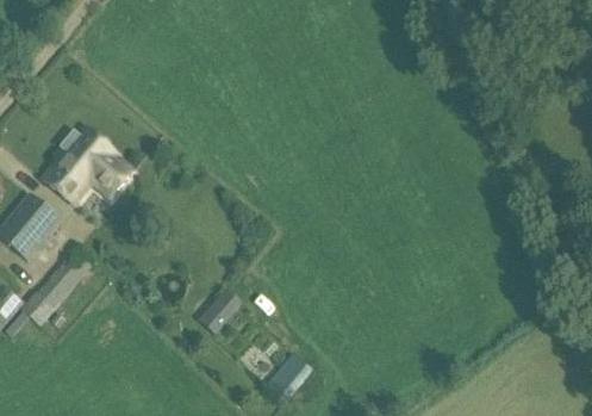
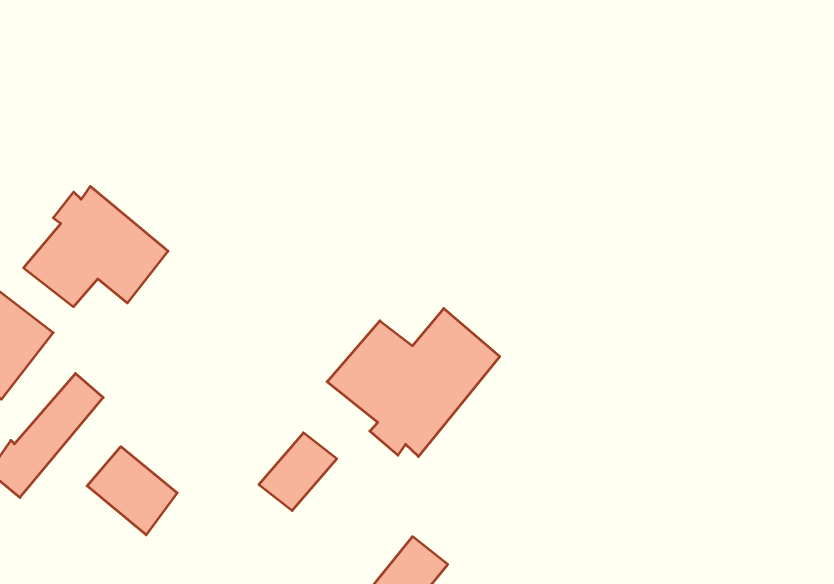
building: none -> [327,308,500,457]
building: none -> [87,447,177,535]

